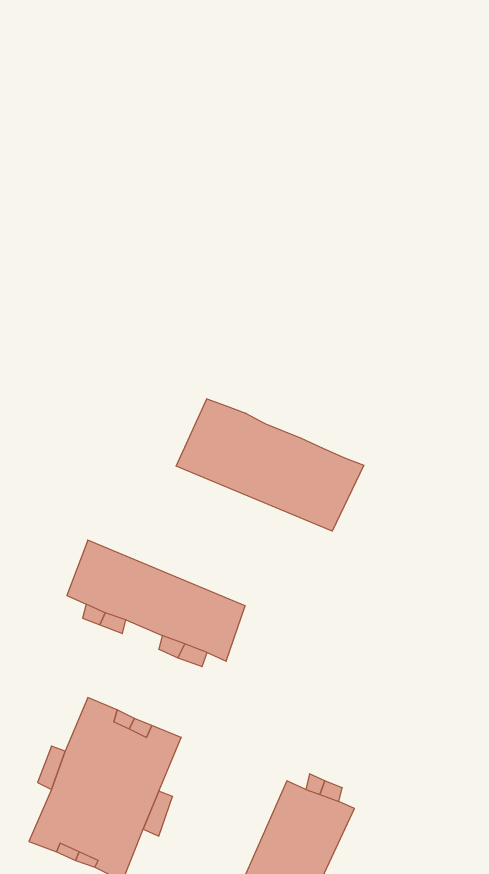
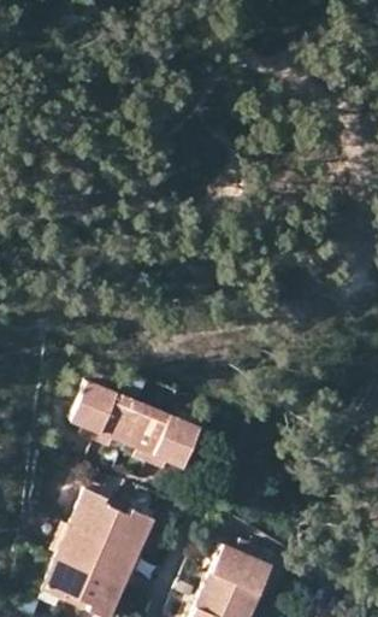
building: [176,399,364,531] -> none

